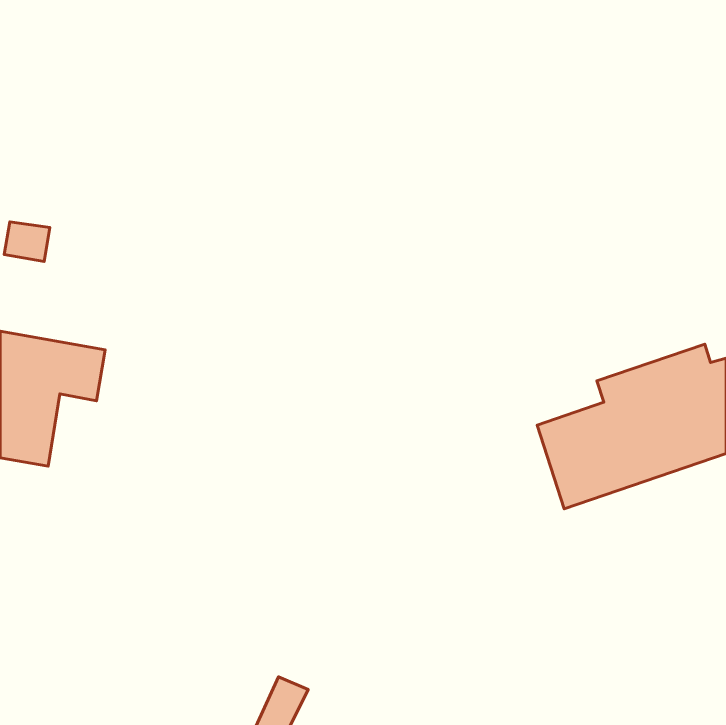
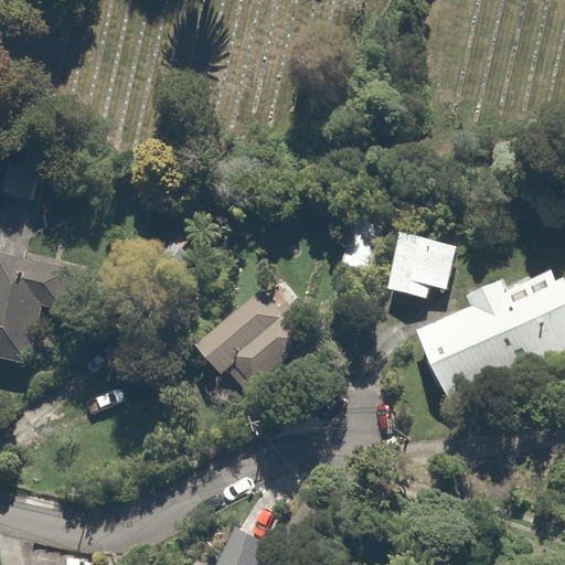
building: none -> [390,230,459,303]
building: none -> [186,286,291,387]

